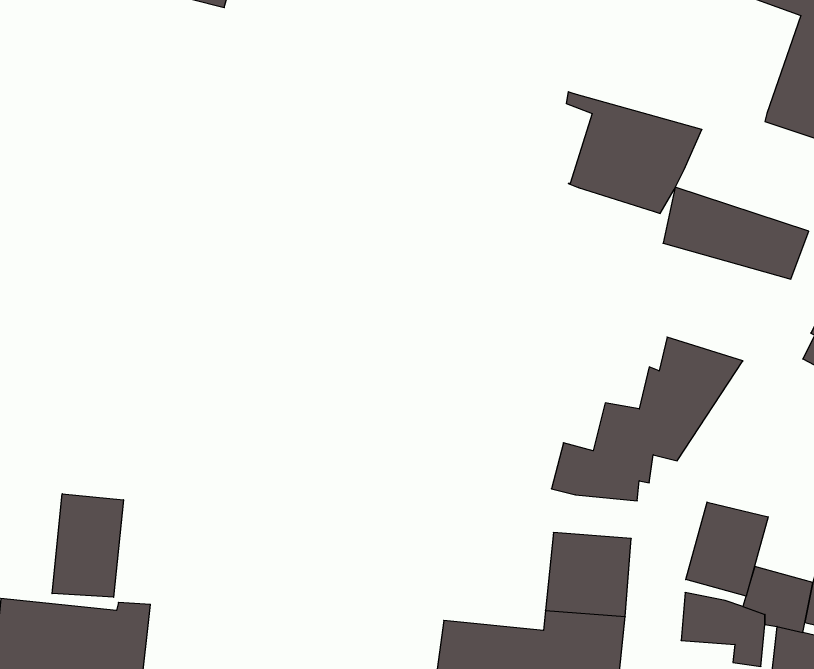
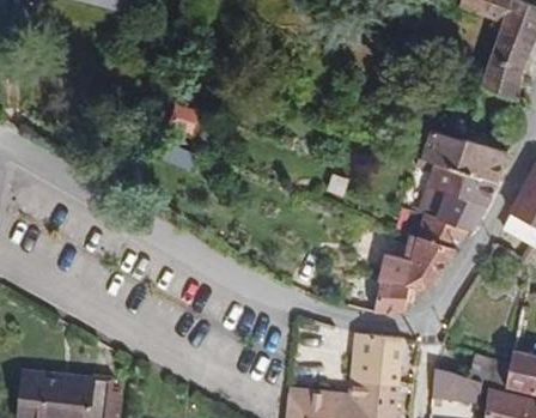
building: [566,92,702,213] -> [416,158,498,231]
building: [52,494,123,597] -> none
building: [686,502,768,596] -> none

